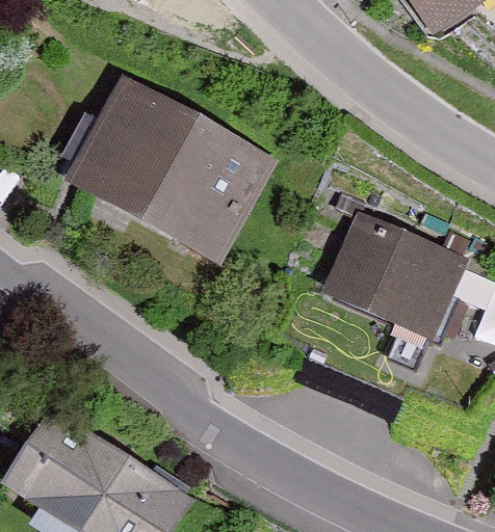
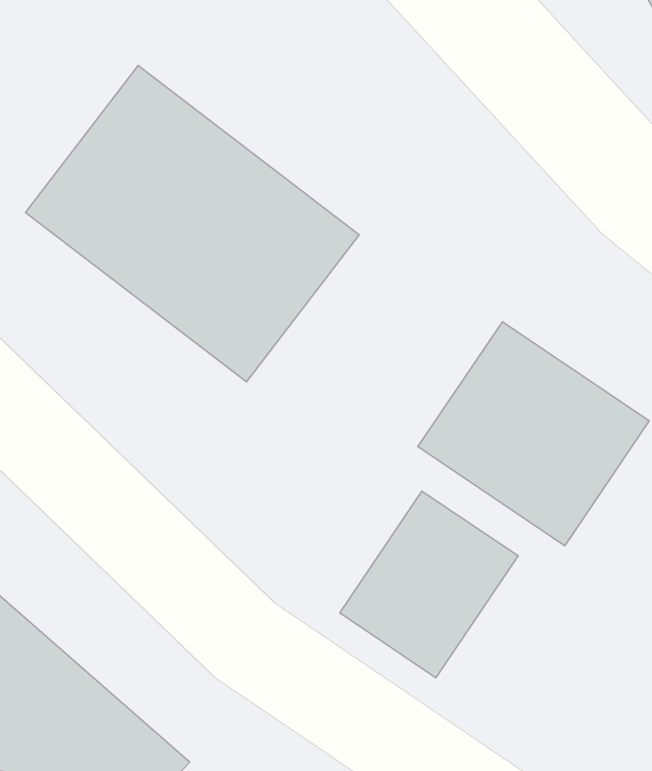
building: none -> [340,491,518,678]

